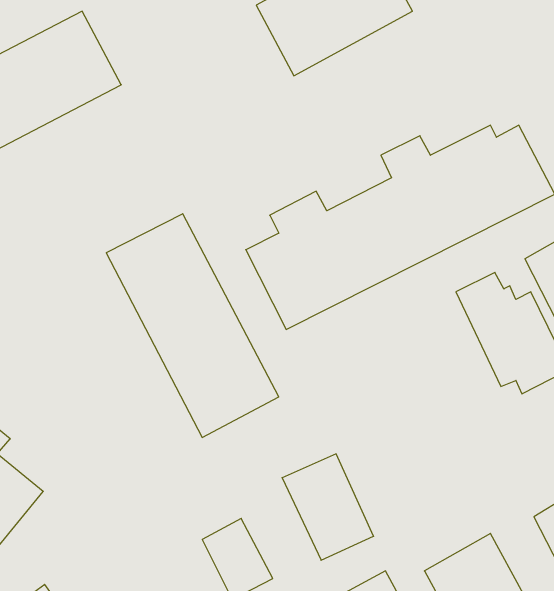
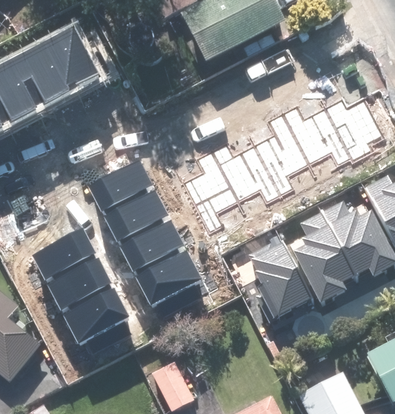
building: none -> [293,211,349,301]
building: none -> [31,227,128,342]
building: [282,454,374,560] -> [242,239,303,310]

